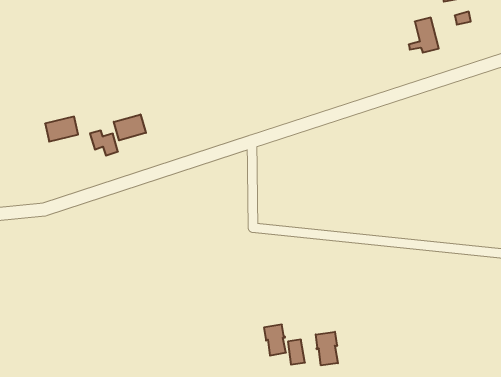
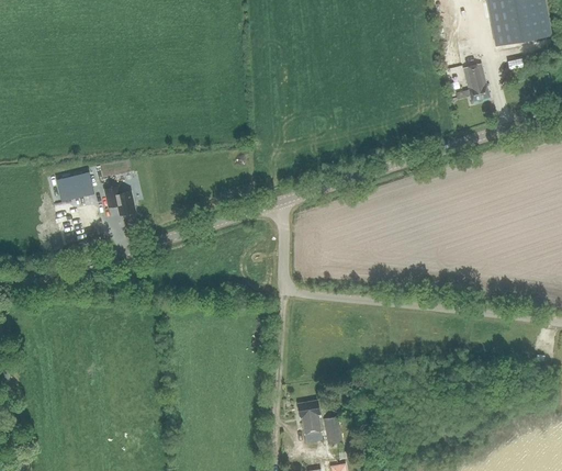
building: [114,114,146,140] -> none
building: [316,332,338,365] -> none

